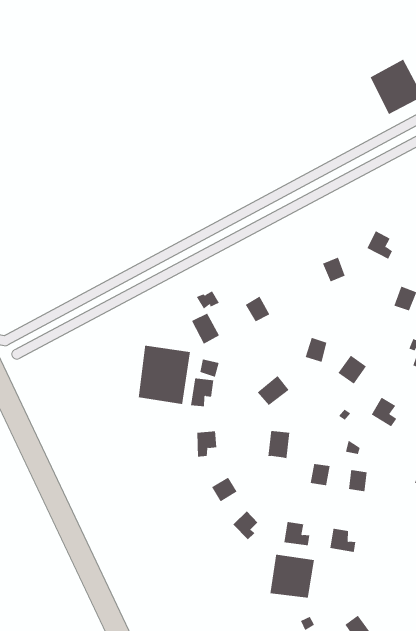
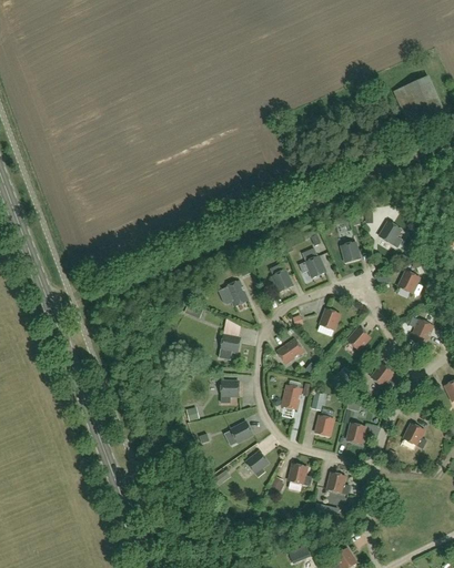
building: none -> [300,247,326,278]
building: [138,345,191,405] -> none
building: [270,554,314,598] -> none

